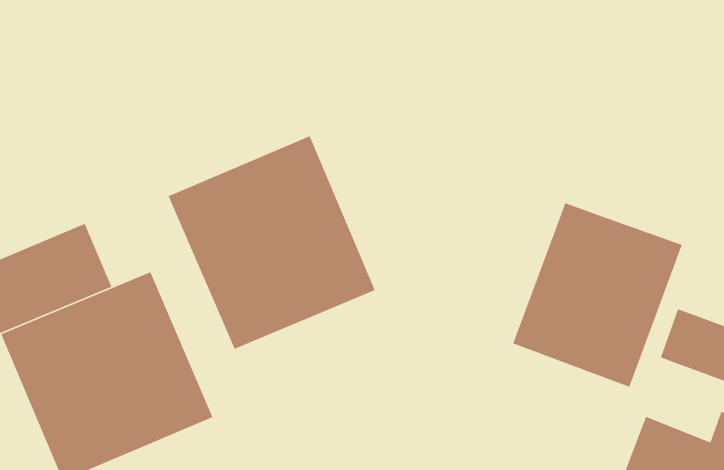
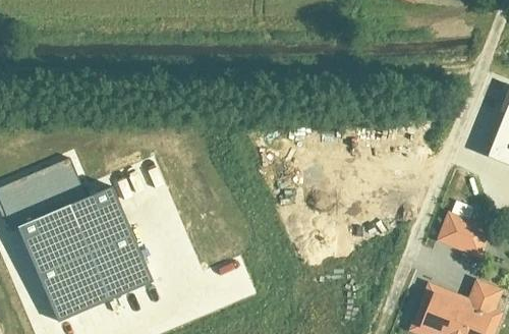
building: [167,135,376,350] -> none
building: [512,202,683,388] -> none

